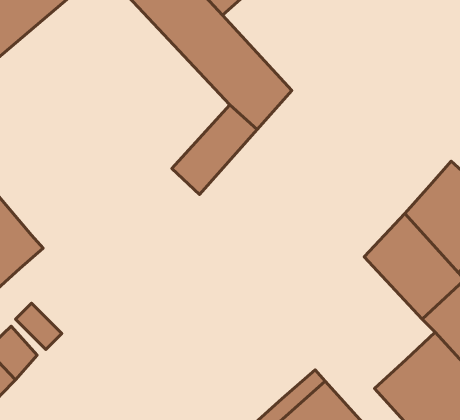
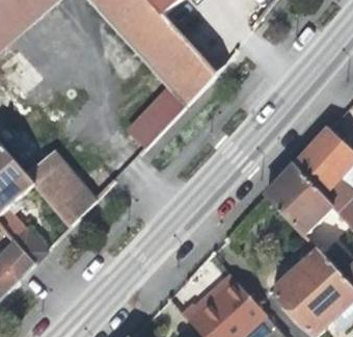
building: none -> [26,154,97,226]

